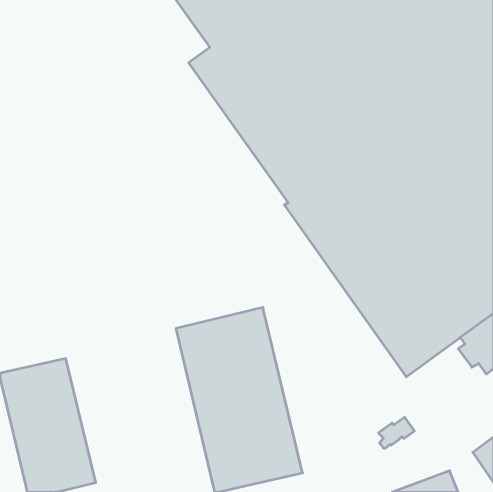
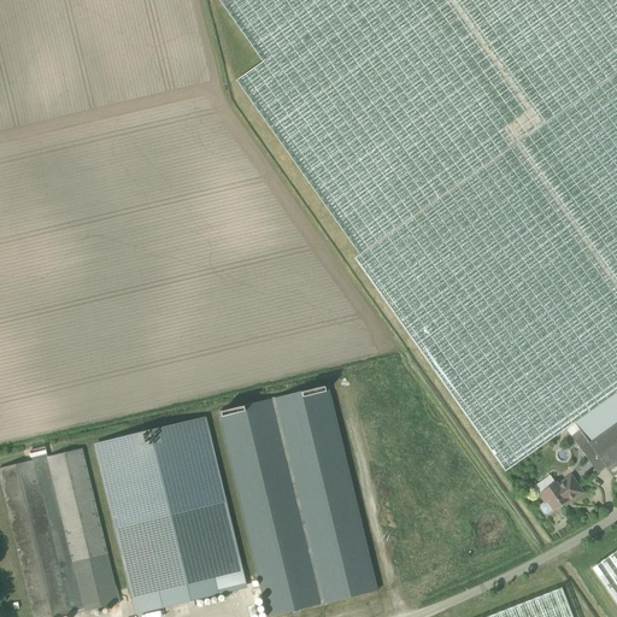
building: none -> [96,417,247,609]
building: [379,417,414,448] -> [540,474,584,512]

